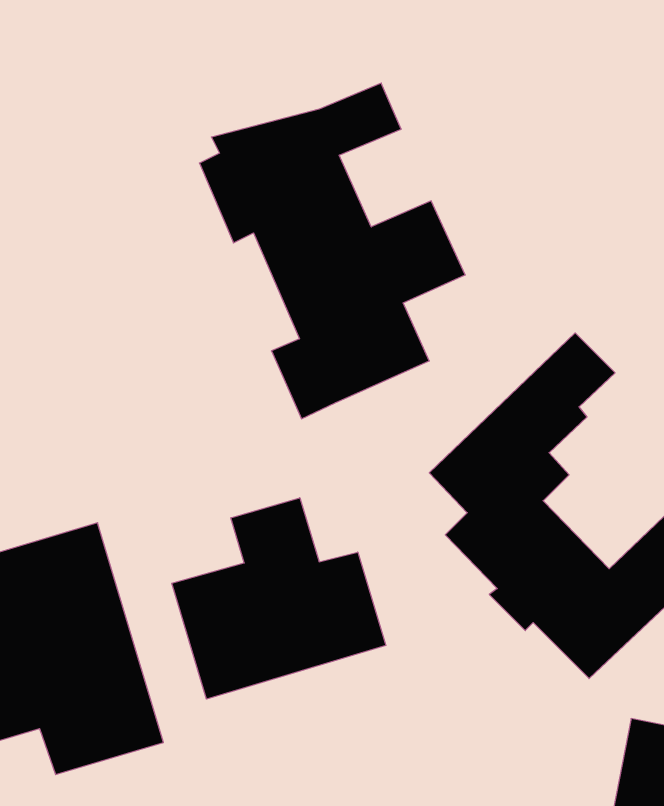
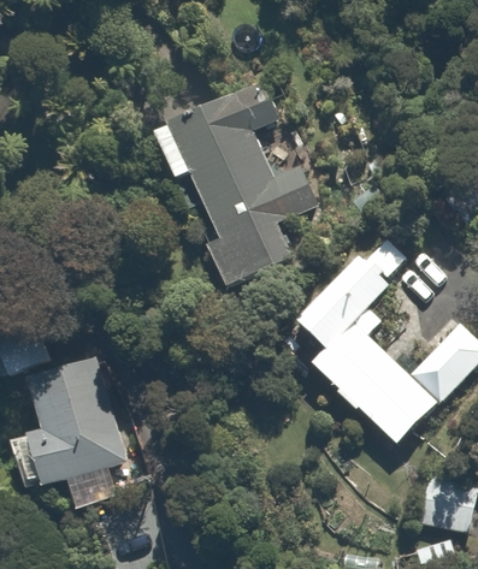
building: [172,498,386,699] -> none

